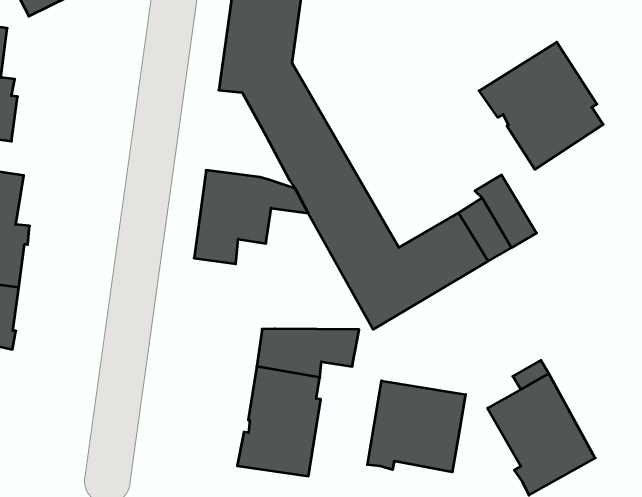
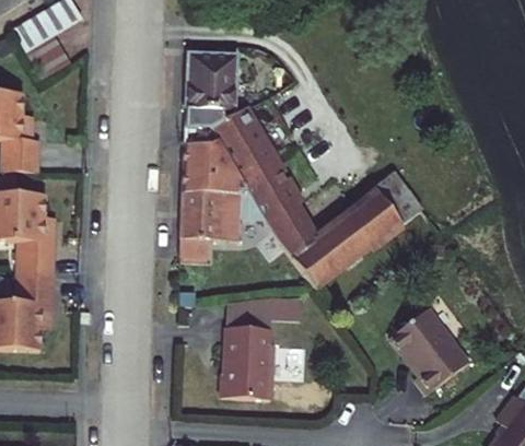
building: [479,42,603,169] -> none
building: none -> [178,130,242,193]
building: [367,381,466,472] -> none

